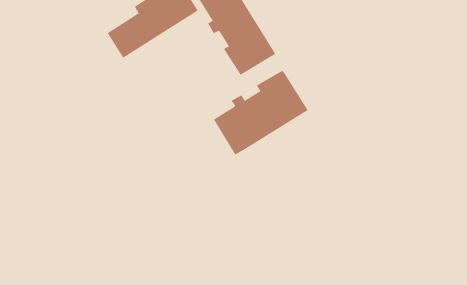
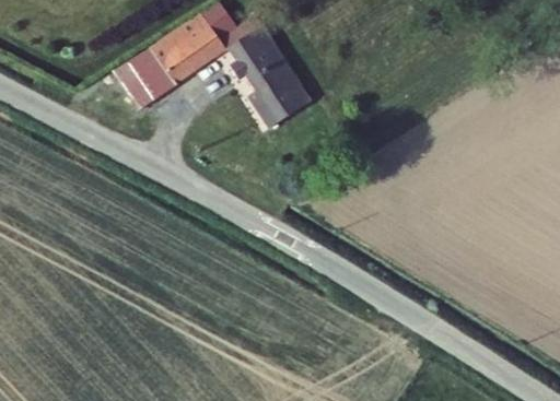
building: [213,70,308,156] -> none

